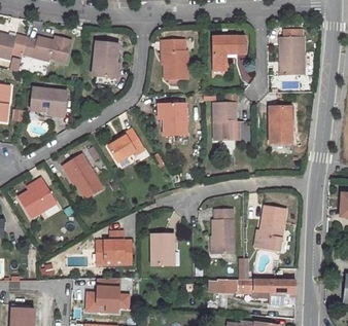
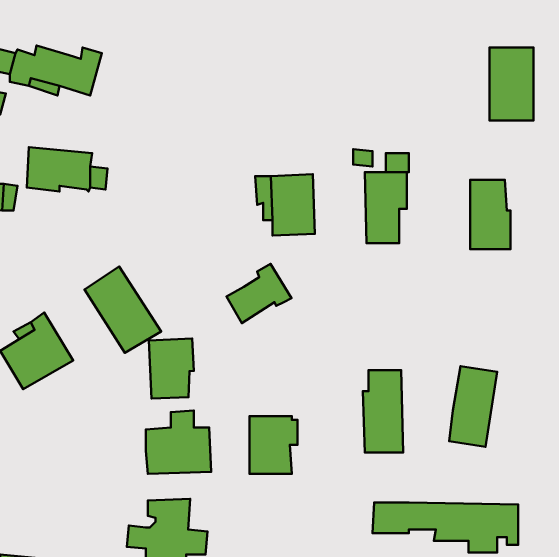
building: [213,36,244,64] -> none
building: [163,38,187,79] -> none
building: [93,40,118,76] -> none
building: [108,129,143,160] -> [226,264,292,323]
building: none -> [149,339,194,399]

